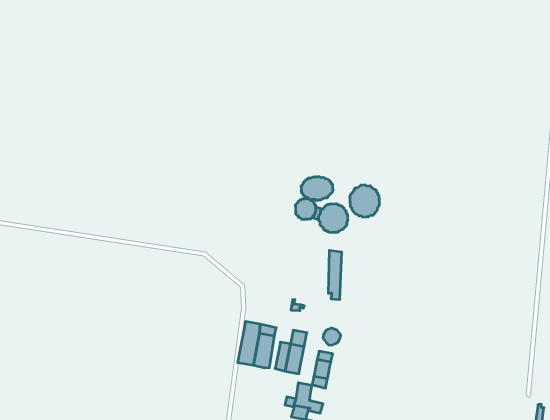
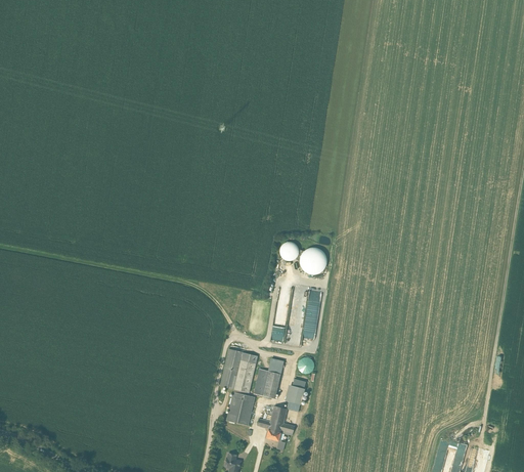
building: [301,177,333,200] -> none
building: [350,185,379,217] -> none
building: none -> [226,392,253,425]

